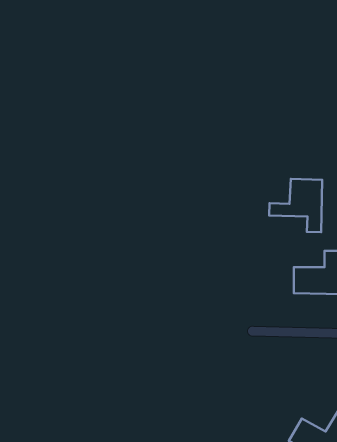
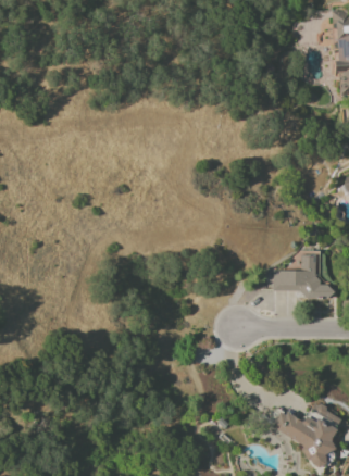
building: [269,179,322,232] -> none

